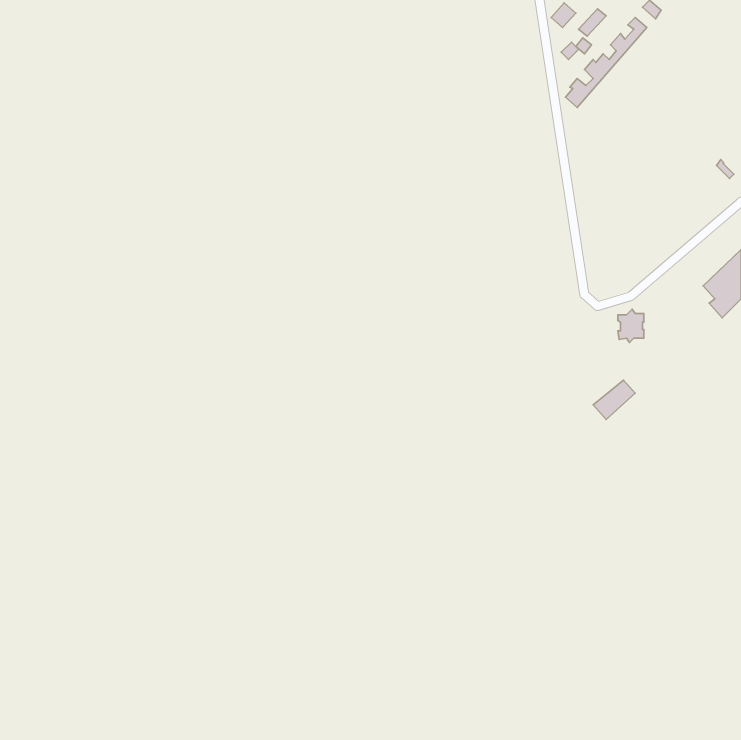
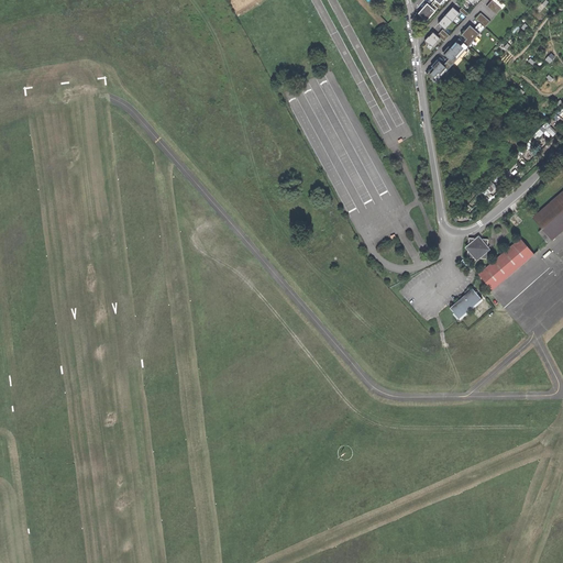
building: none -> [478,238,533,289]

